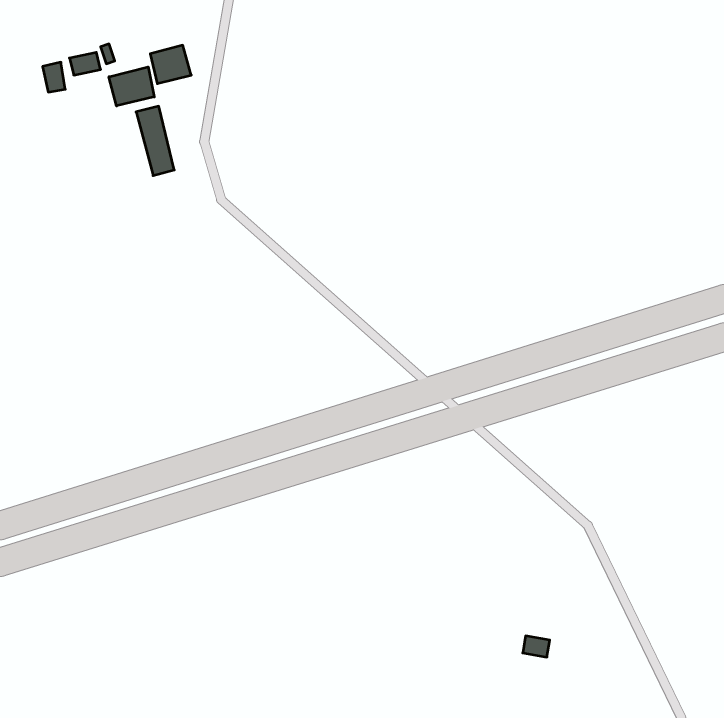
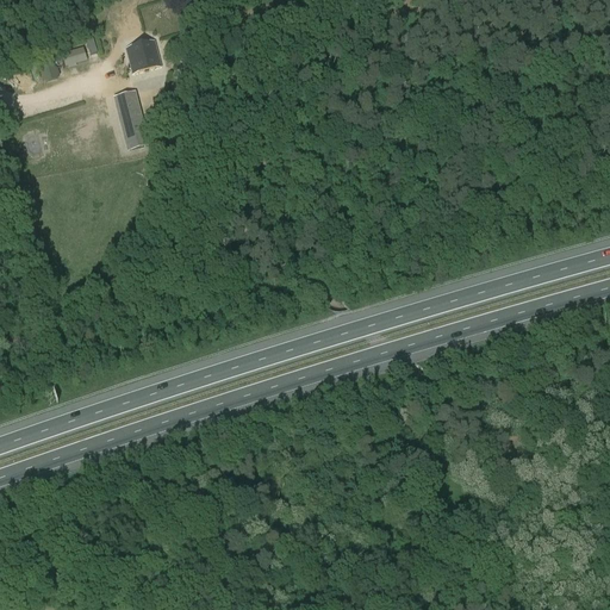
building: [109,67,154,106] -> none

